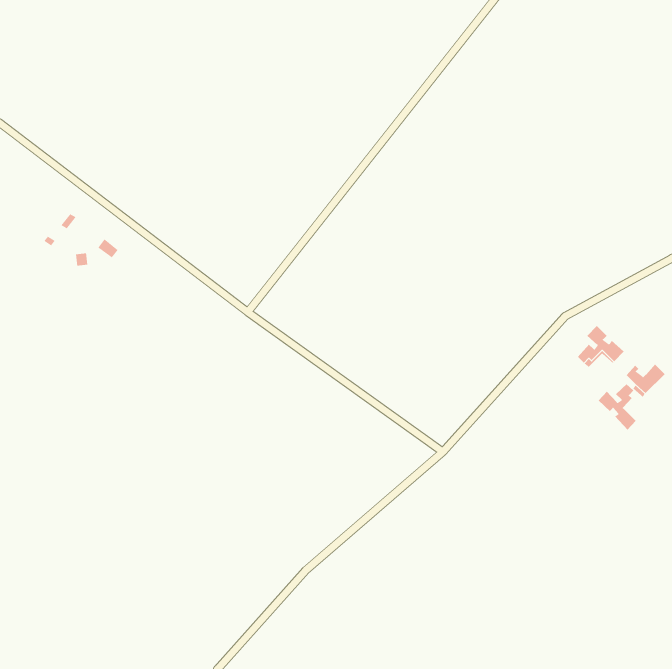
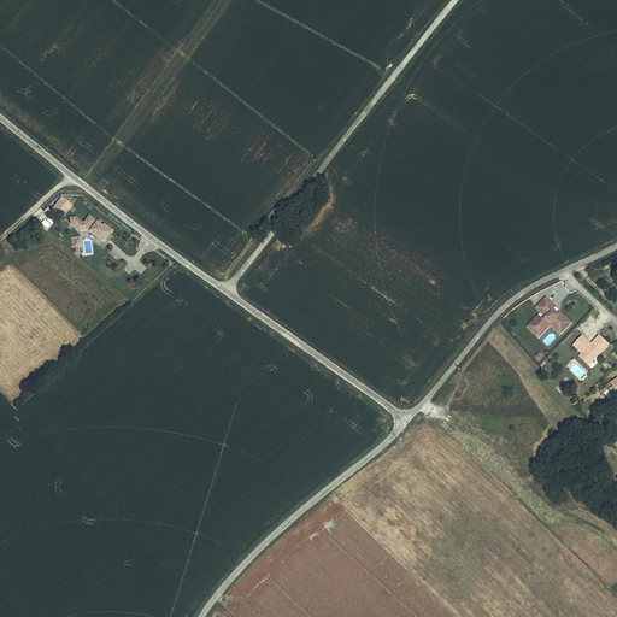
building: [598,384,637,430] -> none

